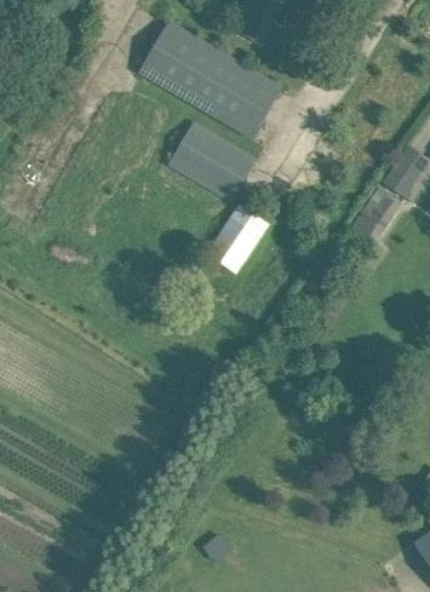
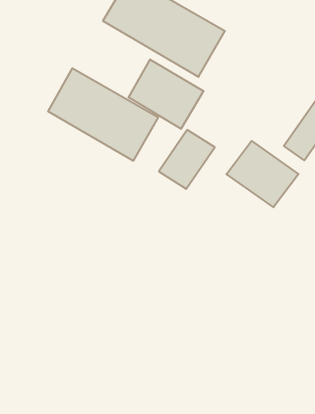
building: none -> [48,68,158,161]
building: none -> [226,141,299,207]

